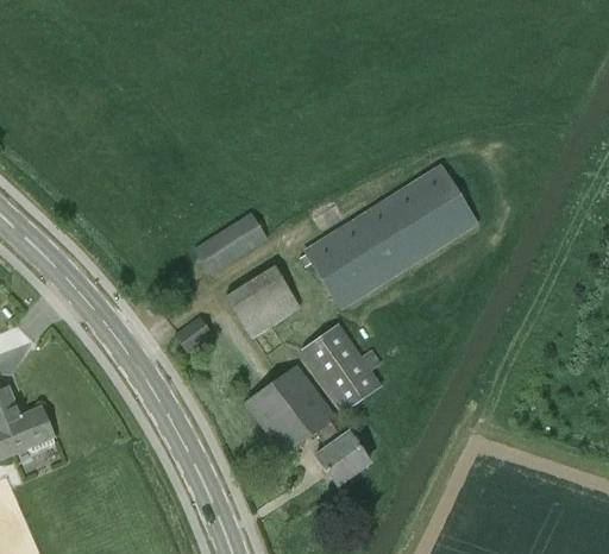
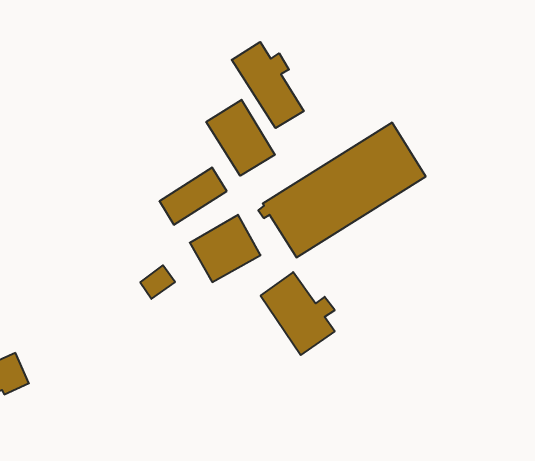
building: none -> [232,42,304,128]
building: none -> [206,100,275,176]
building: [243,365,368,485] -> none

